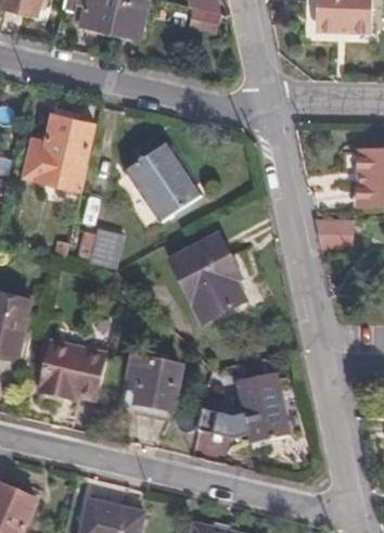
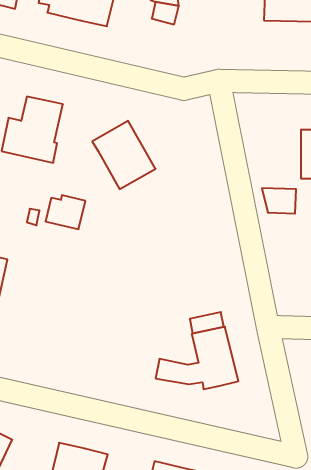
building: [169,236,244,325] -> none
building: [37,345,104,401] -> none
building: [117,351,177,414] -> none

